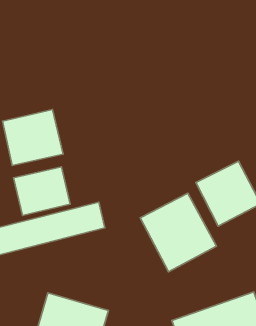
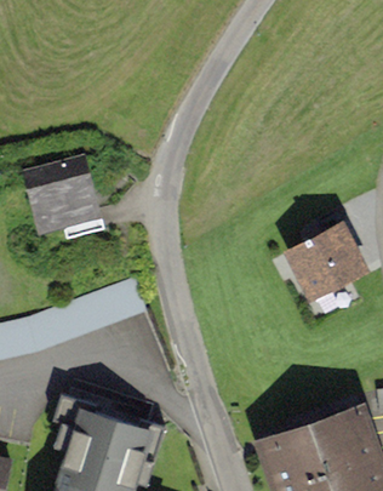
building: [14,167,70,215] -> none
building: [140,193,217,272] -> none

